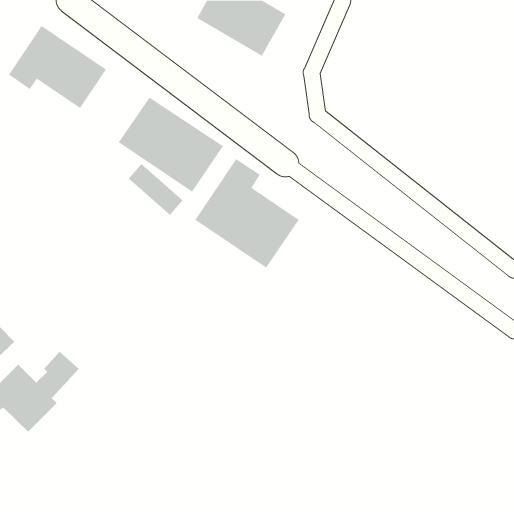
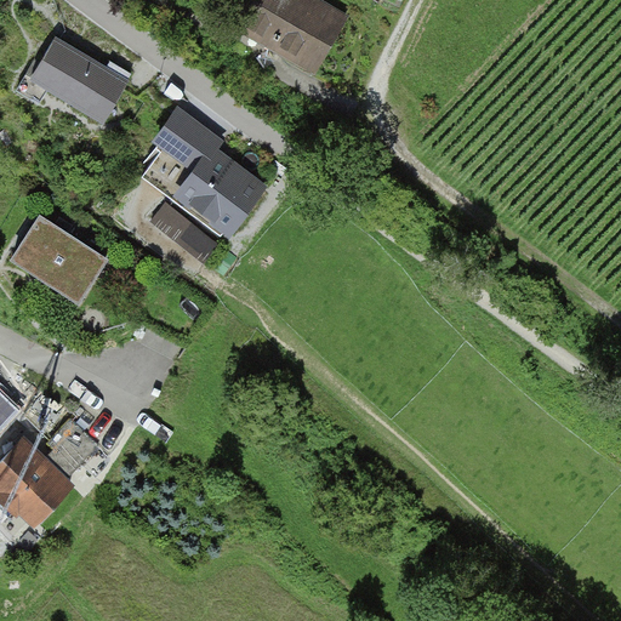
building: [194,158,300,269] -> none
building: none -> [13,213,109,303]

